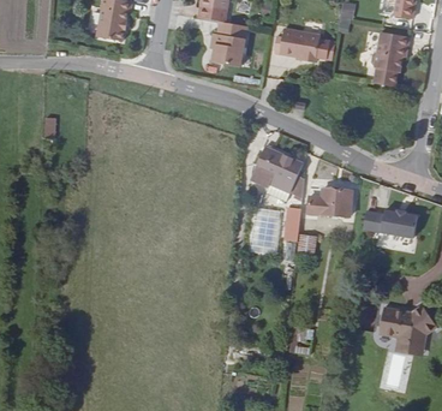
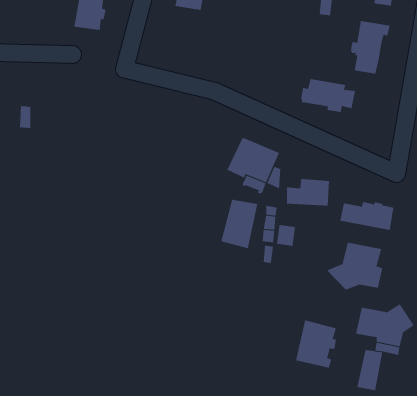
building: [211,20,247,66] -> none
building: [275,29,330,62] -> [300,79,356,113]
building: none -> [326,242,383,291]
building: none -> [296,320,337,368]

